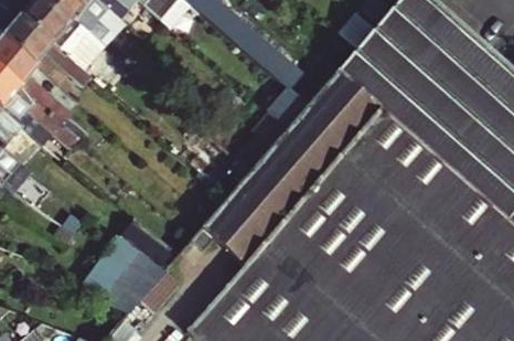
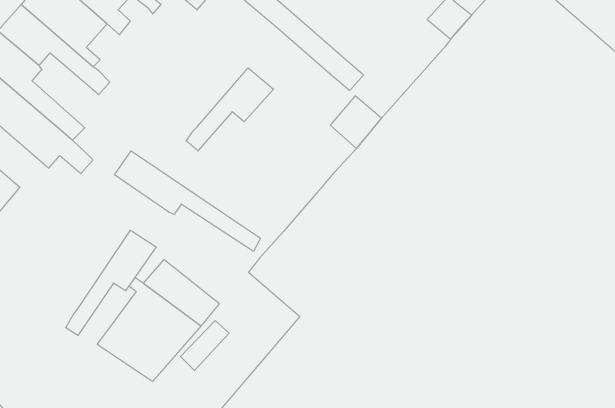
building: none -> [186,68,274,151]
building: none -> [114,151,260,251]
building: none -> [66,230,156,336]

